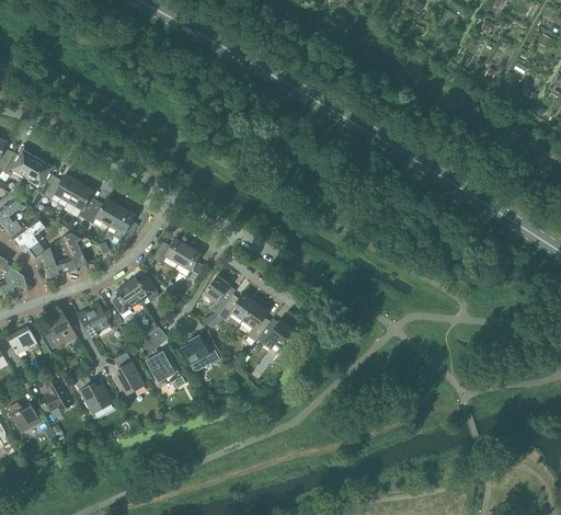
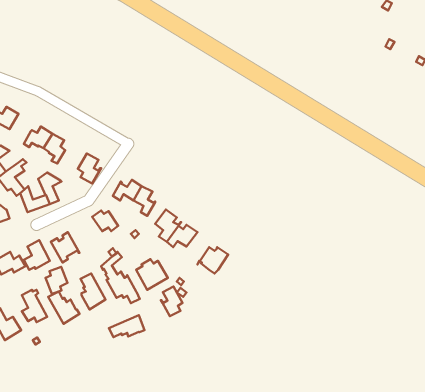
building: [26,159,53,195] -> none
building: [84,198,121,226] -> none
building: [112,284,139,319] -> none
building: [242,302,270,342] -> none
building: none -> [46,267,67,294]
building: none -> [161,287,183,316]
building: none -> [109,315,145,337]

